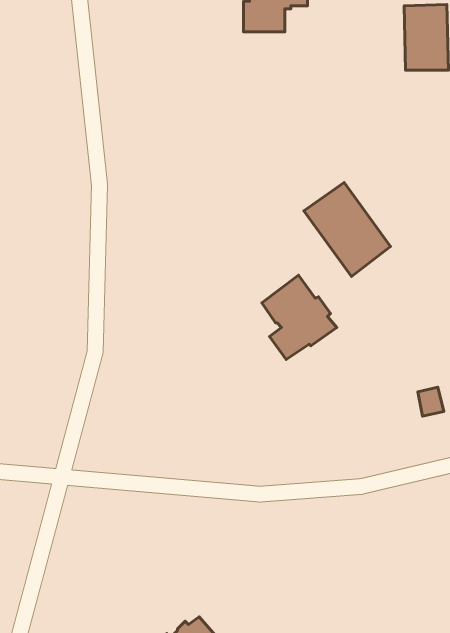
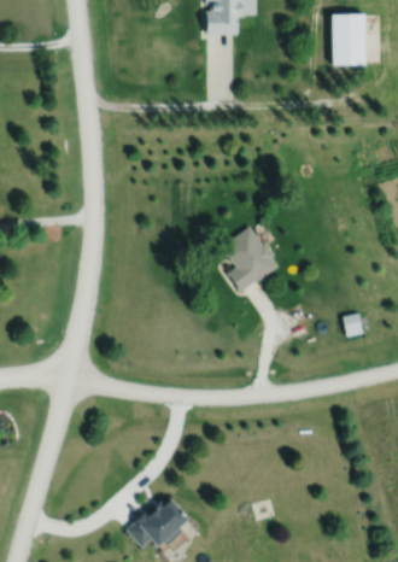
building: [304,182,390,276] -> none

